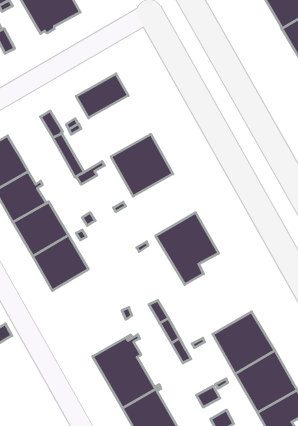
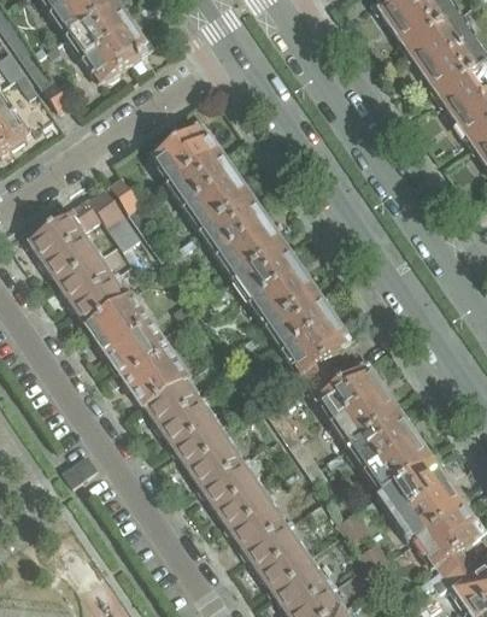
building: none -> [171,152,252,231]
building: none -> [70,190,140,251]
building: none -> [236,247,317,328]
building: none -> [145,378,247,488]
building: none -> [311,366,399,447]

